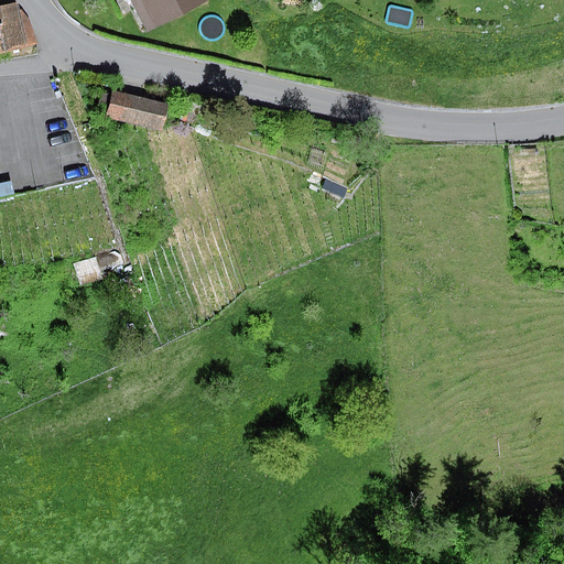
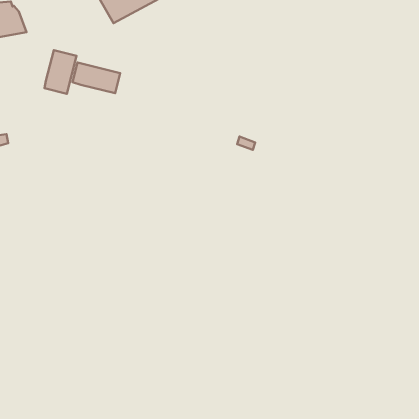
building: none -> [44,50,76,94]

